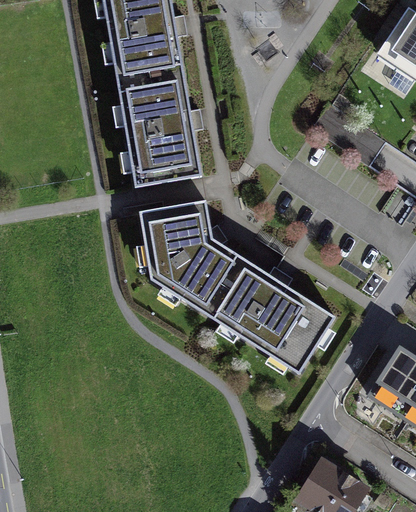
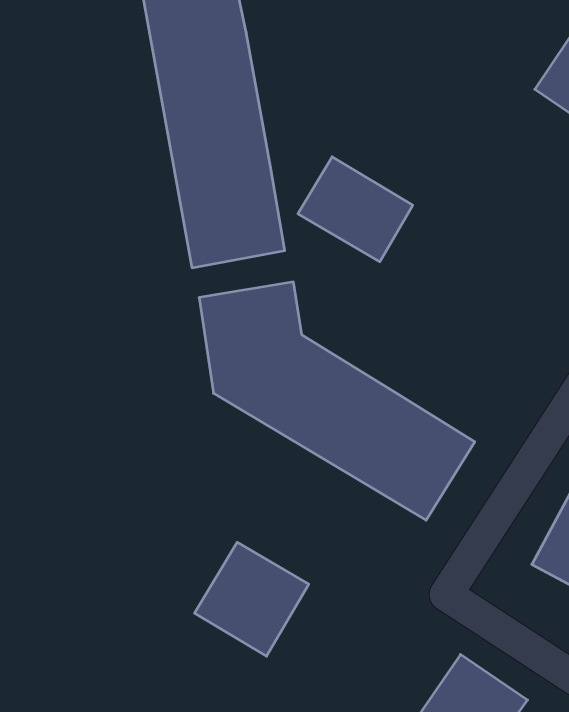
building: none -> [298,157,413,262]
building: none -> [195,542,309,656]

